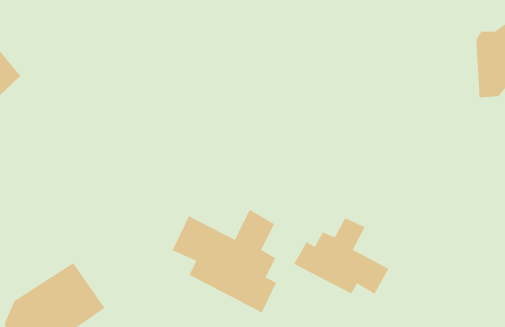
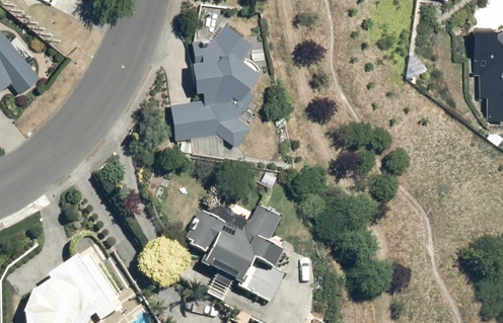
building: none -> [170,23,261,147]
building: [293,217,390,295] -> none

